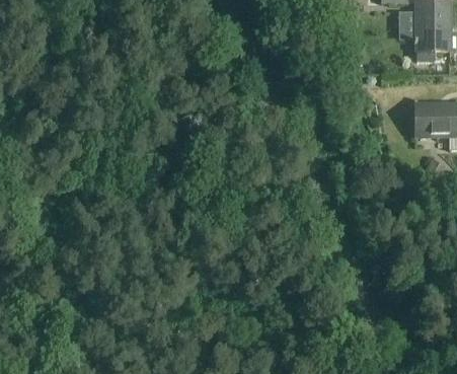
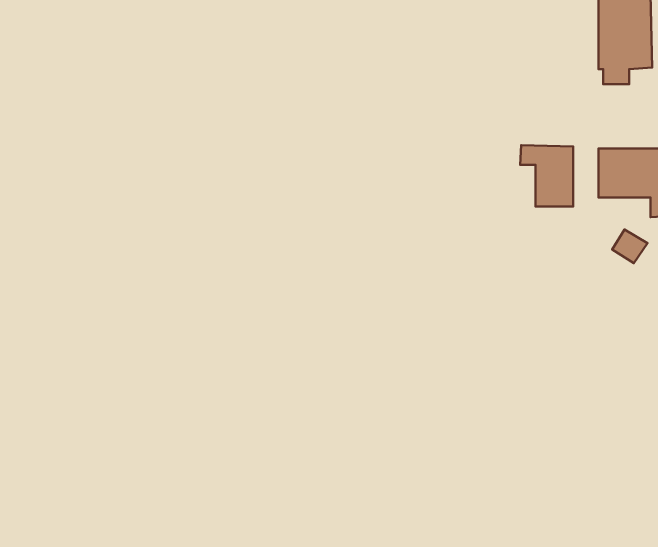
building: none -> [520,145,573,206]

